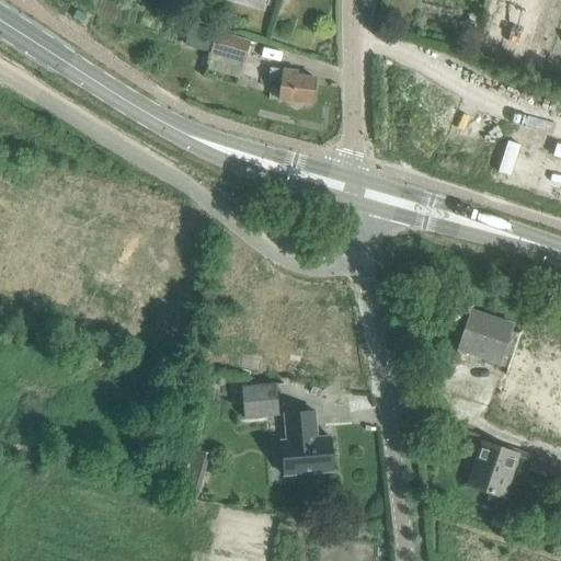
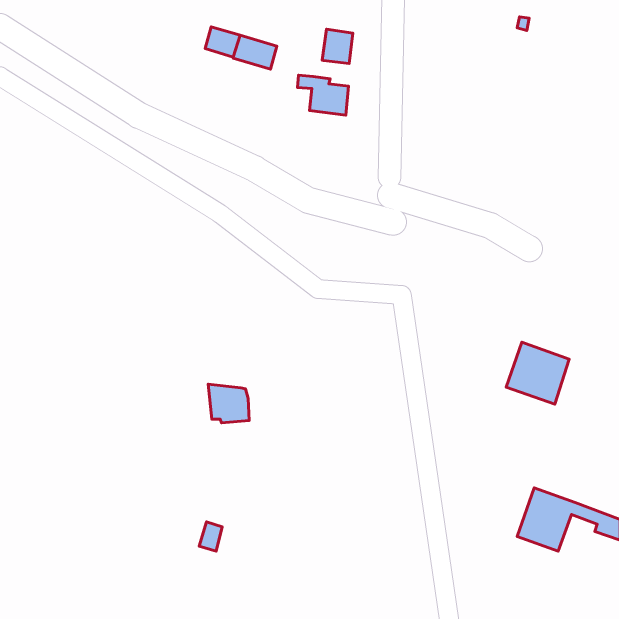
building: none -> [322,29,353,63]
building: [242,382,279,417] -> [208,384,249,423]
building: [282,410,335,476] -> none

